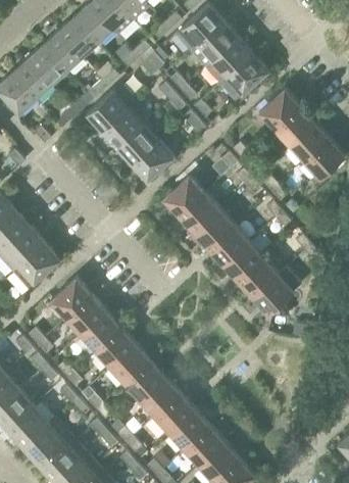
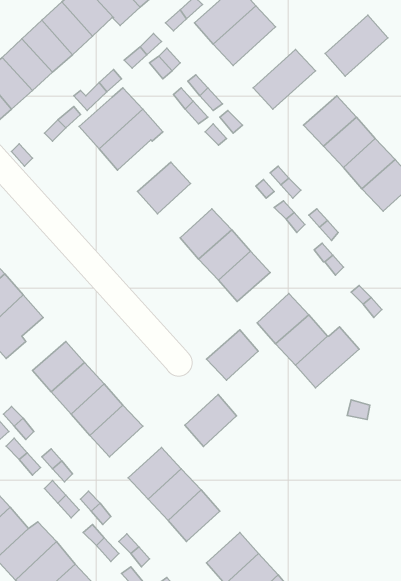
building: [205,36,253,83] -> [325,15,388,76]
building: [116,123,157,162] -> none
building: [208,225,248,263] -> [206,330,258,380]
building: [110,343,150,383] -> [185,395,237,446]
building: [169,408,210,448] -> none

